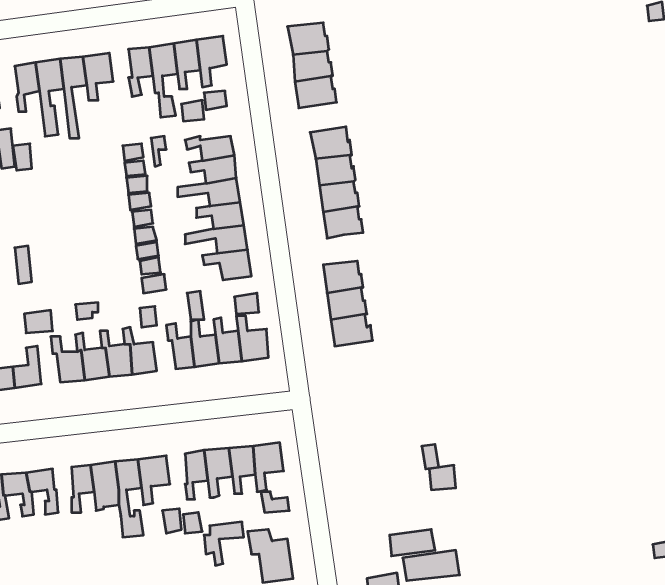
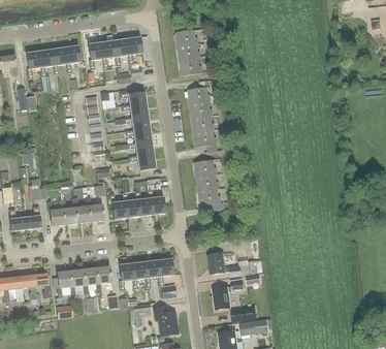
building: none -> [206,252,240,276]
building: none -> [212,278,243,309]

